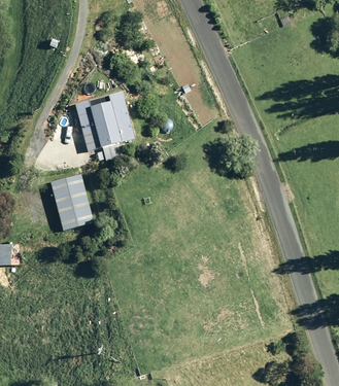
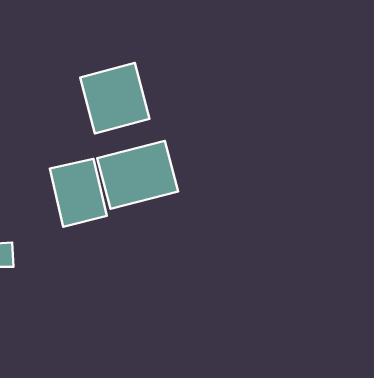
building: none -> [97,141,178,209]

